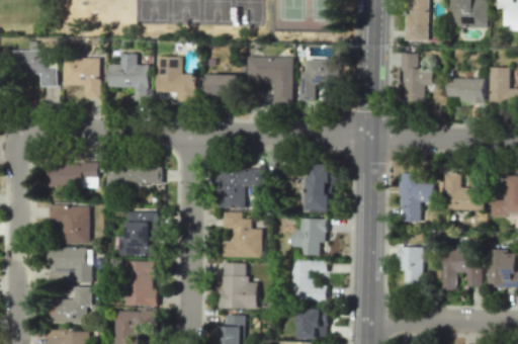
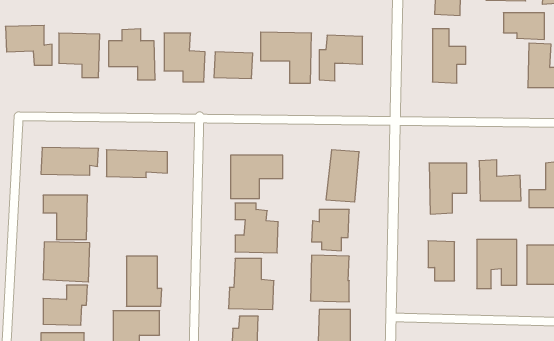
building: [448,78,486,102] -> [503,13,544,39]
building: [116,210,158,255] -> none

